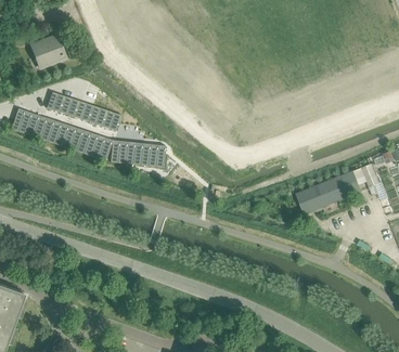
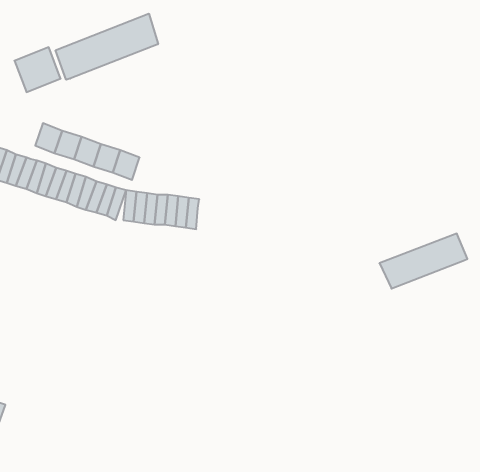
building: none -> [56,14,158,80]

